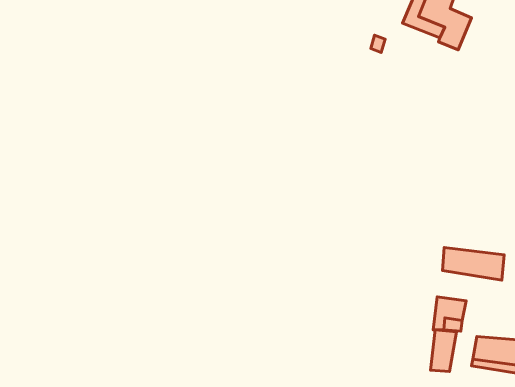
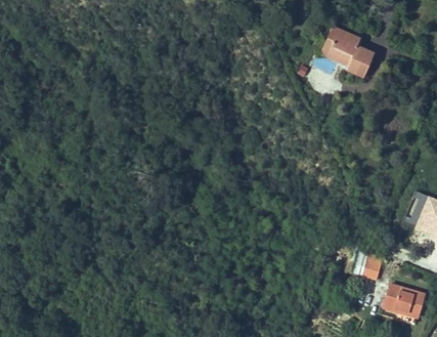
building: [443,248,504,280] -> none
building: [430,330,457,372] -> none

